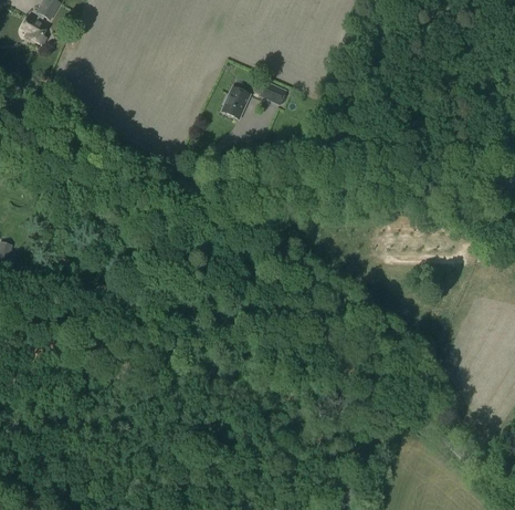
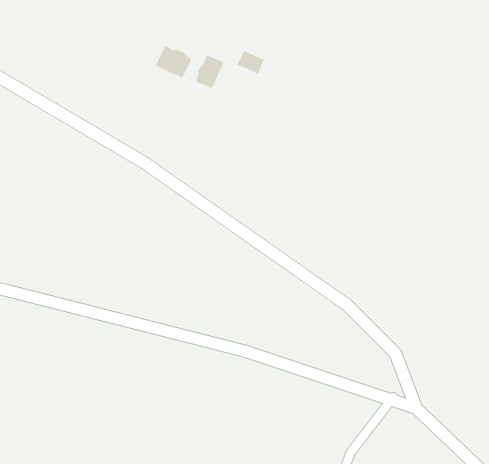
building: none -> [155,45,192,79]

